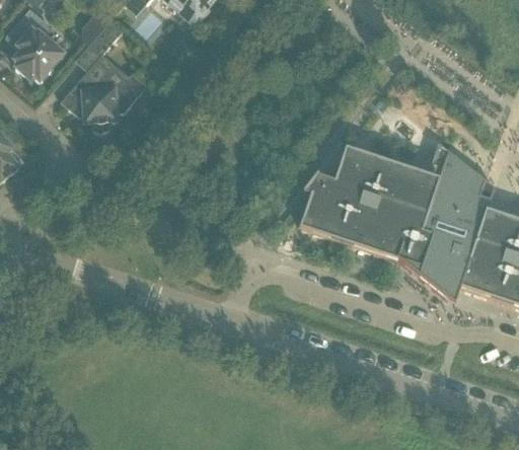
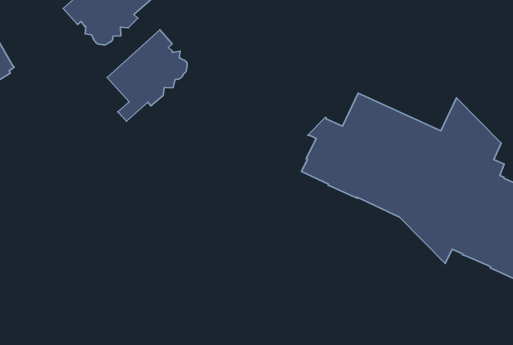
building: none -> [107,30,187,121]

